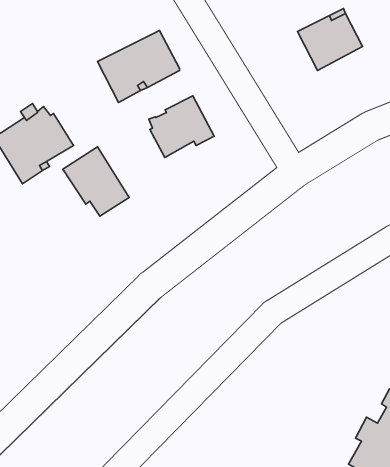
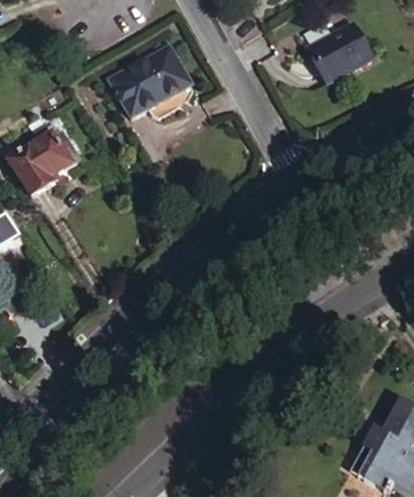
building: [149,96,214,157] -> none
building: [63,147,129,216] -> none

